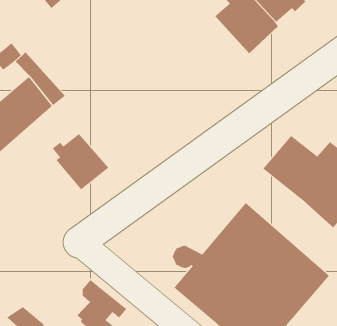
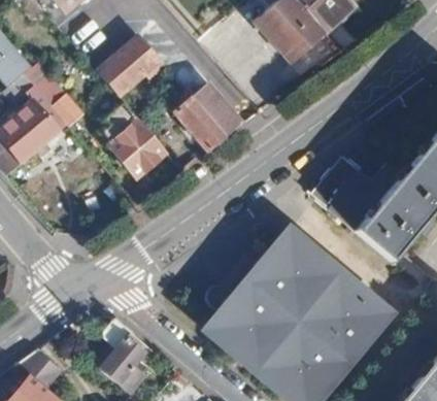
building: none -> [98,34,168,93]
building: none -> [171,82,247,152]
building: [52,133,109,190] -> [104,112,169,177]

